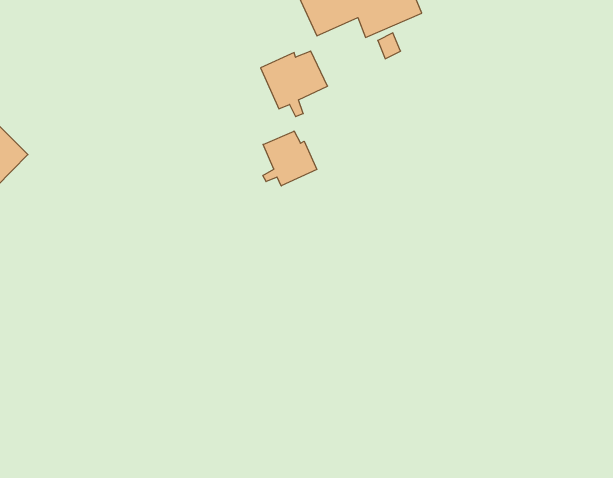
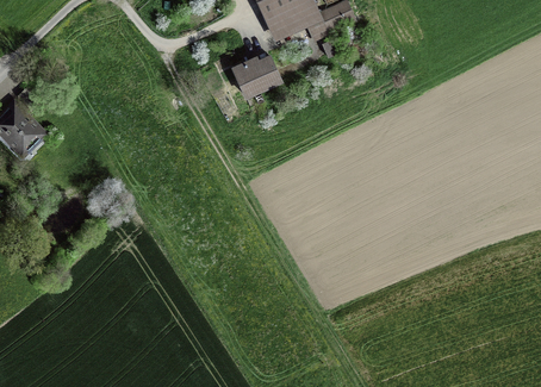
building: [263,131,317,186] -> none

